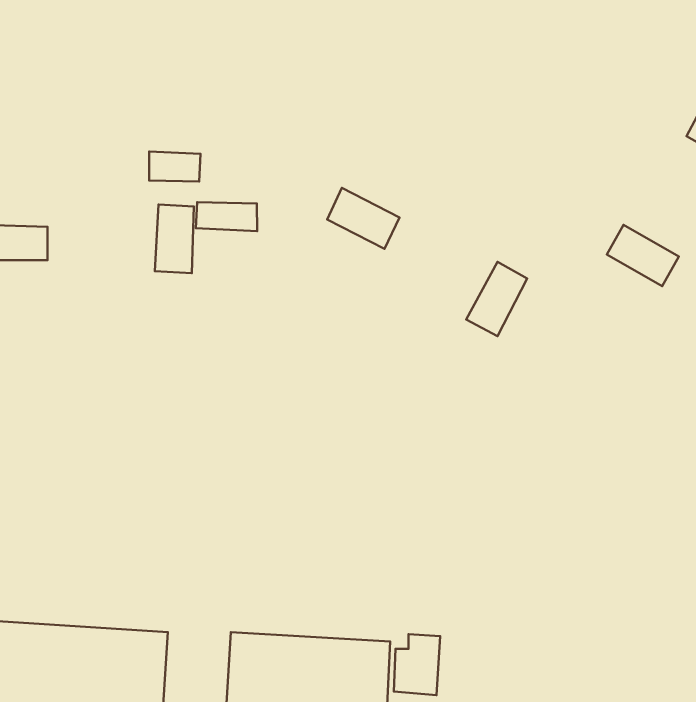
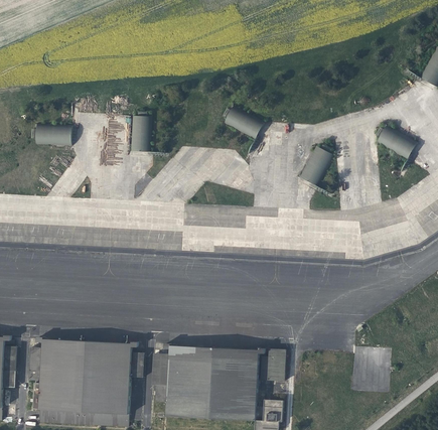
building: [149,151,201,182] -> none
building: [196,202,257,231] -> none

